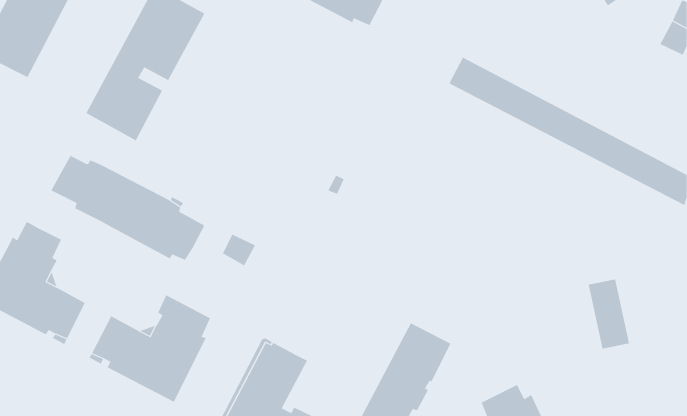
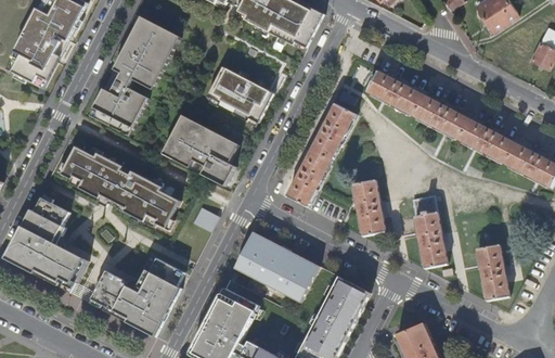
building: none -> [207,65,274,122]
building: none -> [287,103,356,204]
building: none -> [162,114,240,186]
building: none -> [353,178,386,232]
building: none -> [414,209,446,265]
building: none -> [234,231,320,302]

